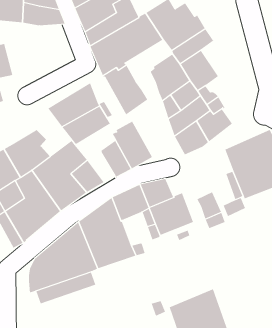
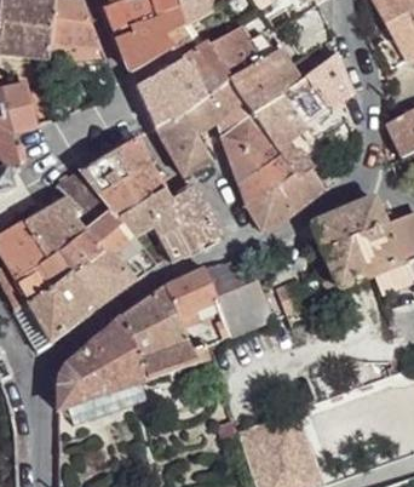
building: none -> [282,51,352,126]
building: none -> [183,79,245,133]
building: none -> [56,168,114,230]
building: none -> [119,188,172,235]

